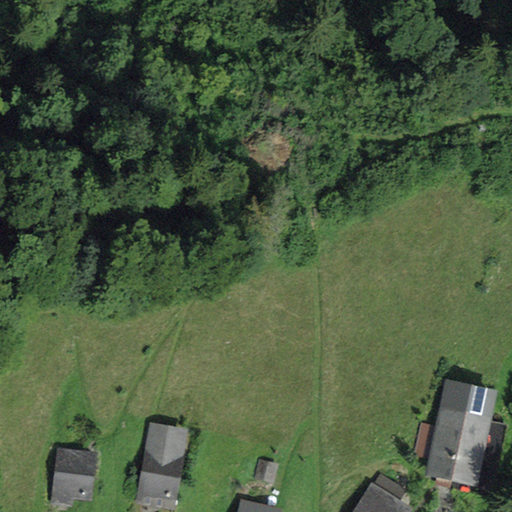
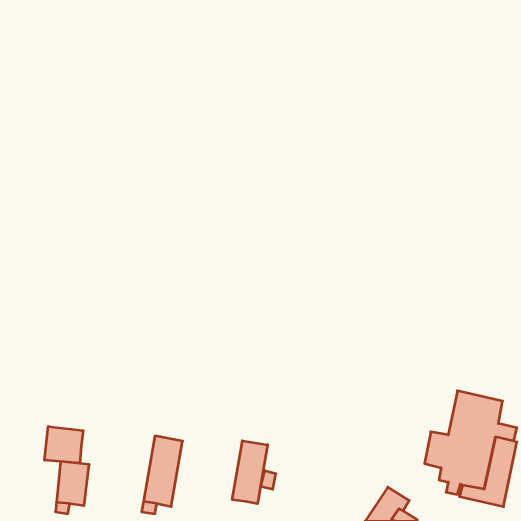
building: none -> [45,426,83,463]
building: none -> [232,441,268,504]

